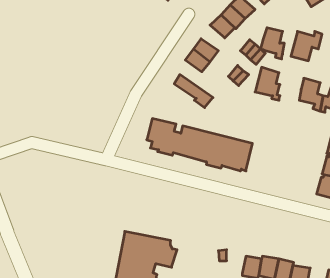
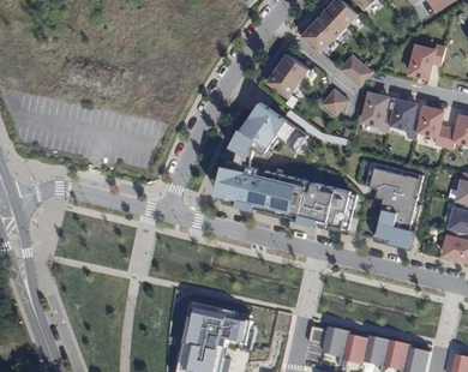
building: [261,28,284,59] -> [386,97,418,138]
building: none -> [232,110,281,161]
building: none -> [365,161,421,240]
building: none -> [320,326,347,359]

